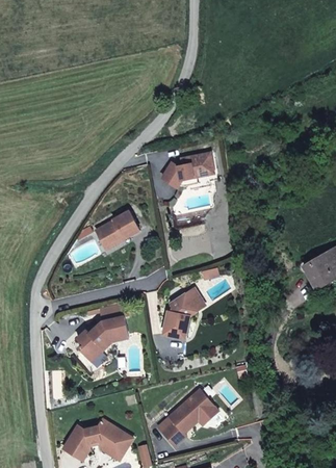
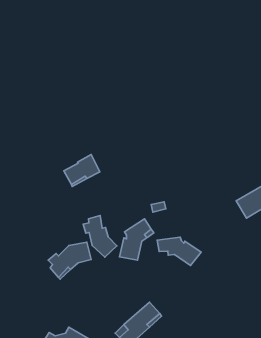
building: [161,153,213,187] -> none
building: none -> [83,216,117,257]
building: none -> [157,237,201,265]

